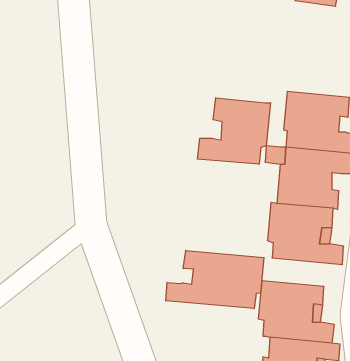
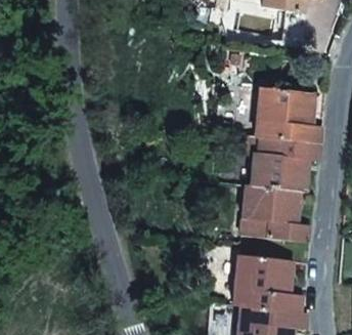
building: [197,98,270,164] -> none
building: [166,250,264,309] -> none

